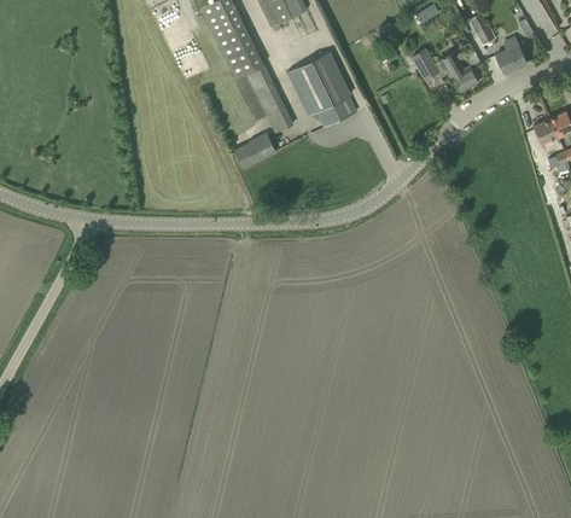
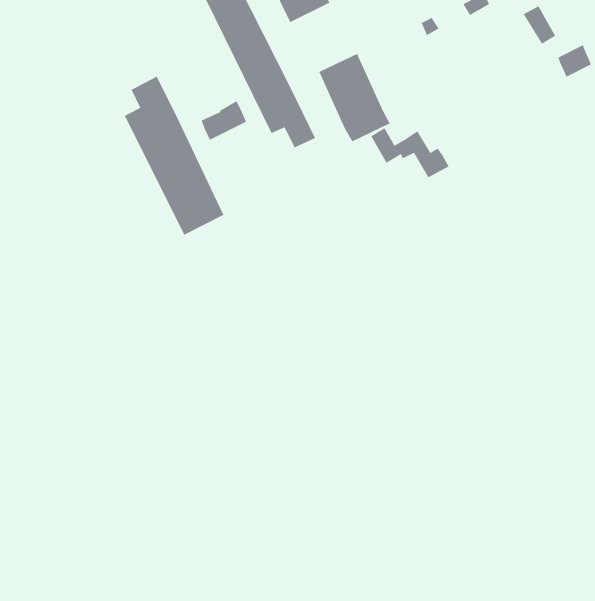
building: [412,48,478,91] -> [370,128,450,178]
building: none -> [124,76,224,235]
building: [235,133,274,167] -> [201,100,247,141]

